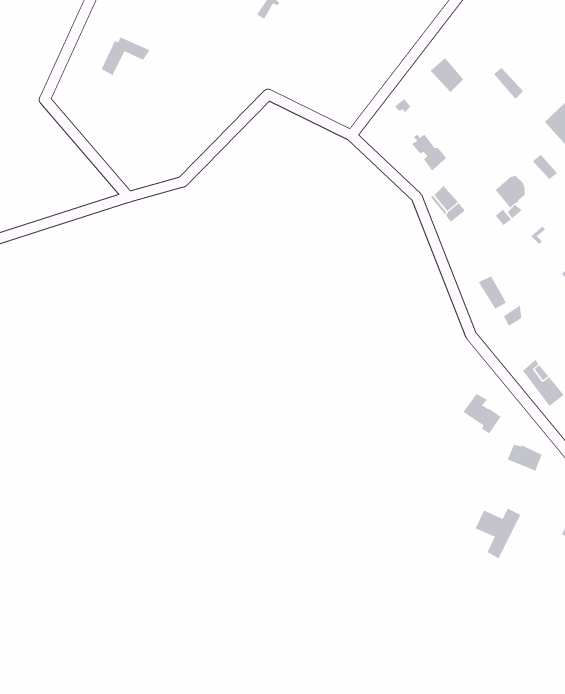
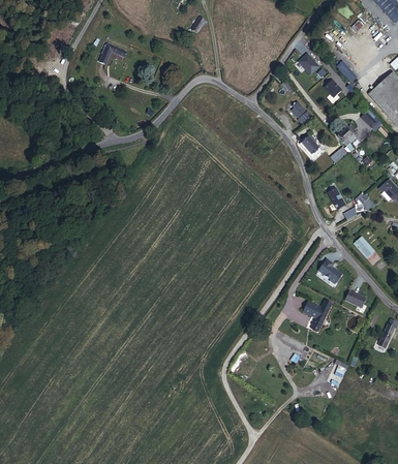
building: [475,508,521,559] -> [305,300,333,331]

